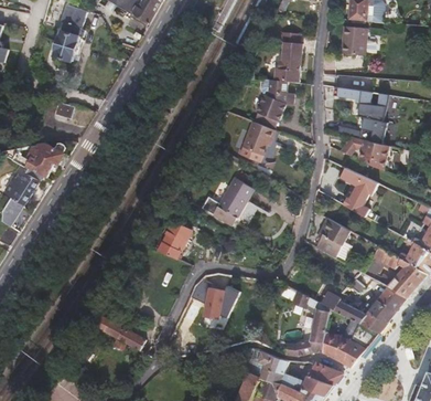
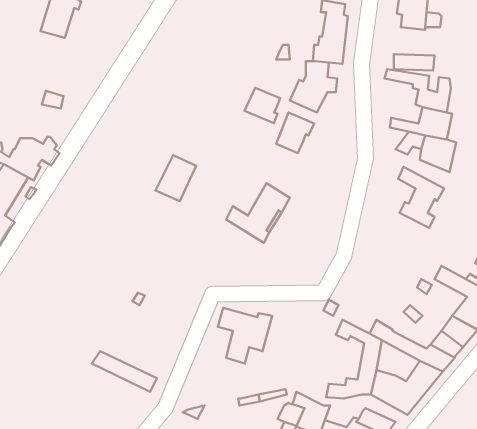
building: none -> [244,88,280,123]
building: [314,219,349,258] -> none
building: [154,220,187,257] -> [155,155,196,201]

